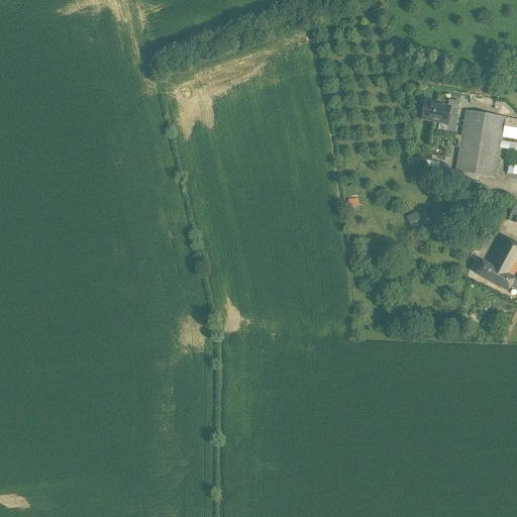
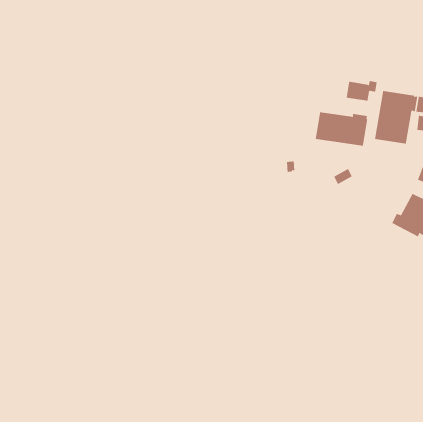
building: none -> [315,112,368,147]

